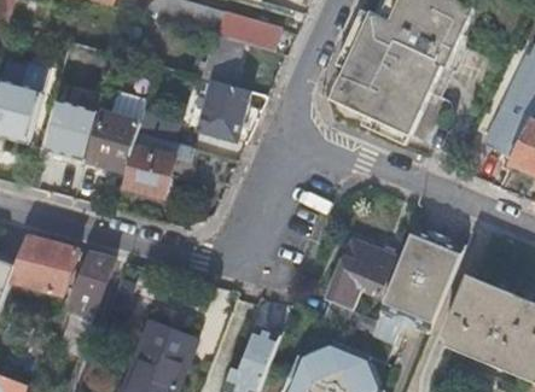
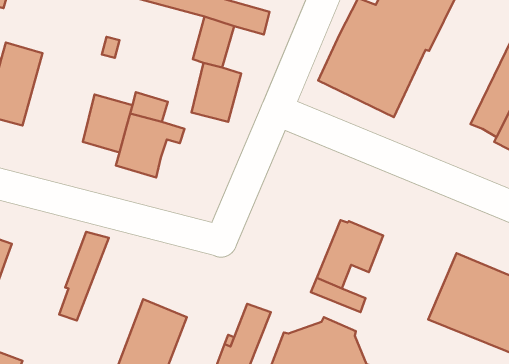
building: [45,101,95,160] -> none
building: [379,224,465,335] -> none
building: [10,236,80,296] -> none

